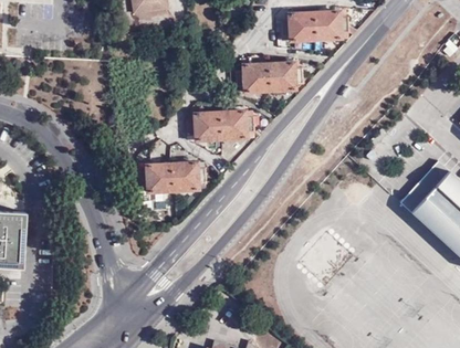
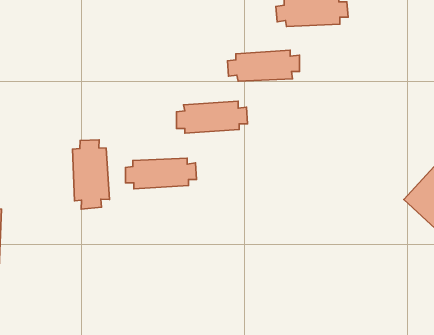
building: none -> [72,140,110,209]

